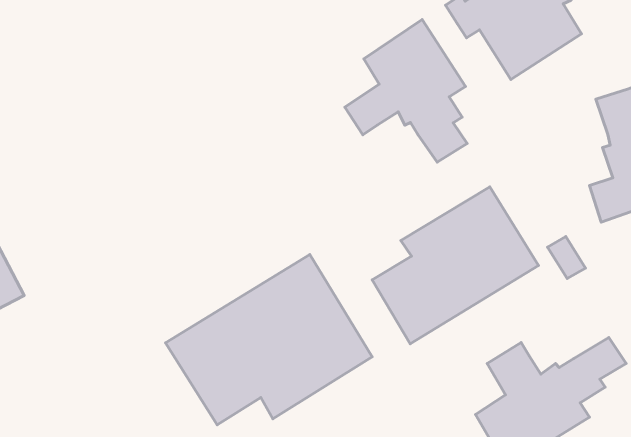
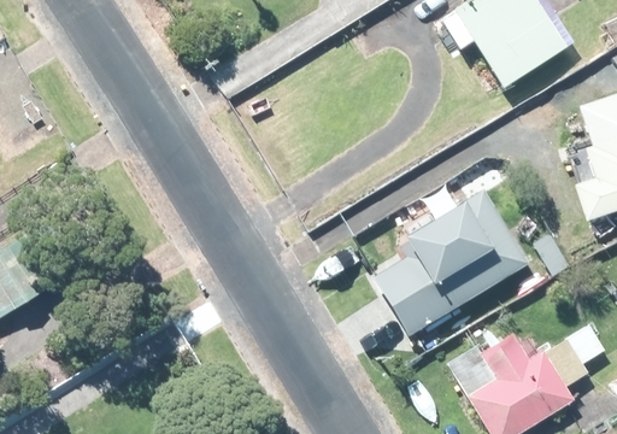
building: [345,19,467,162] -> none
building: [165,254,372,425] -> none

